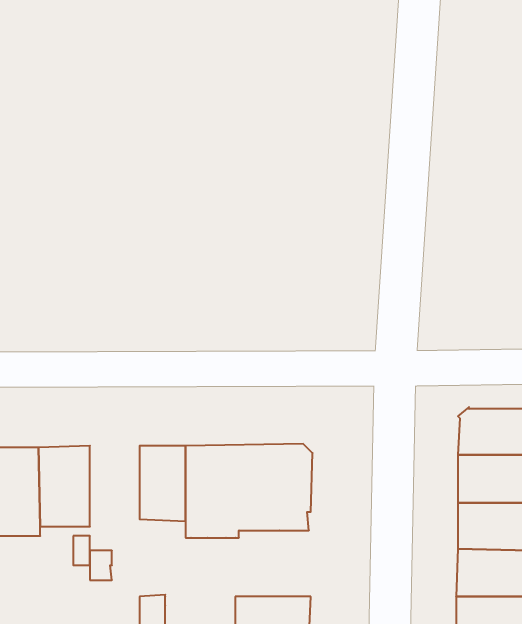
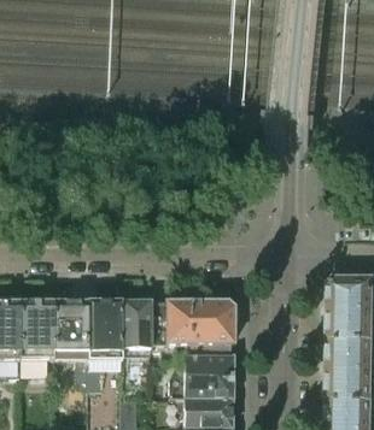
building: none -> [88,302,121,355]
building: none -> [183,358,233,401]

